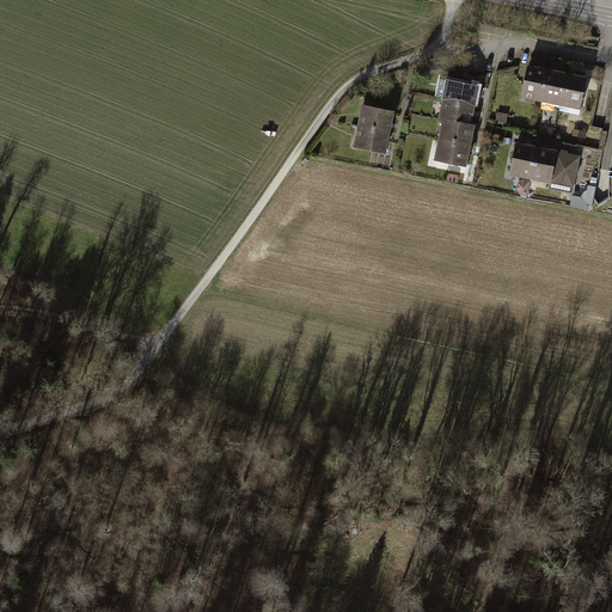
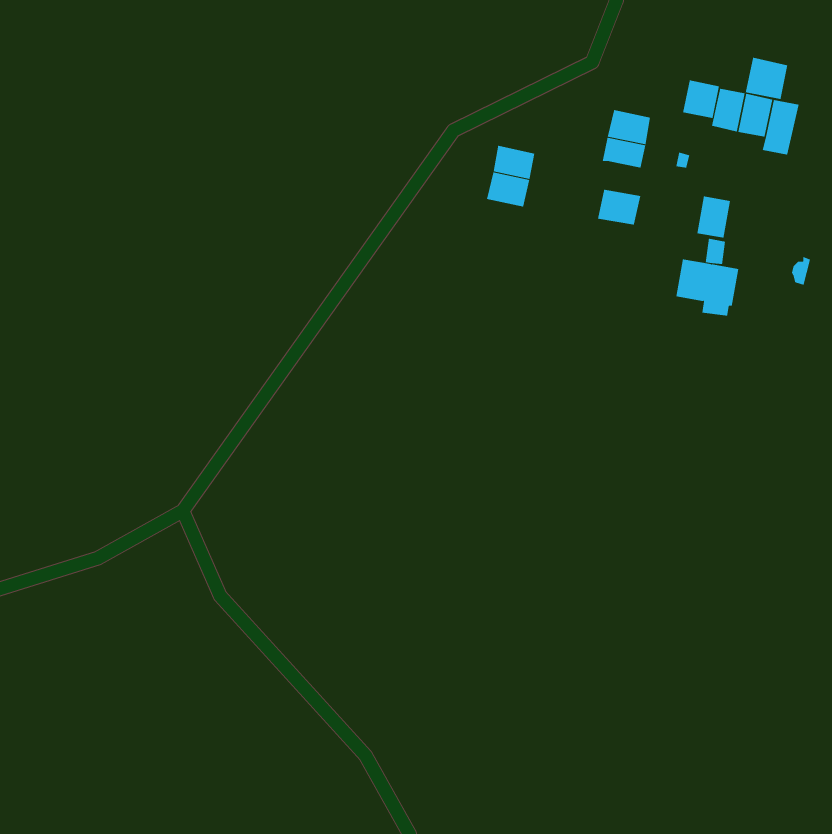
building: none -> [745,57,788,100]
building: none -> [682,79,720,119]
building: [442,118,473,143] -> none
building: [531,147,577,189] -> [676,259,739,316]

